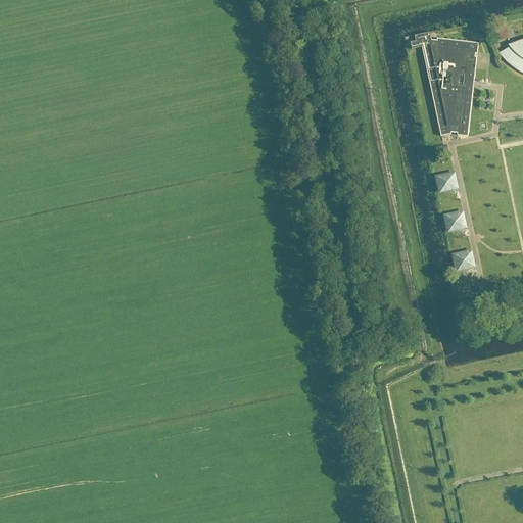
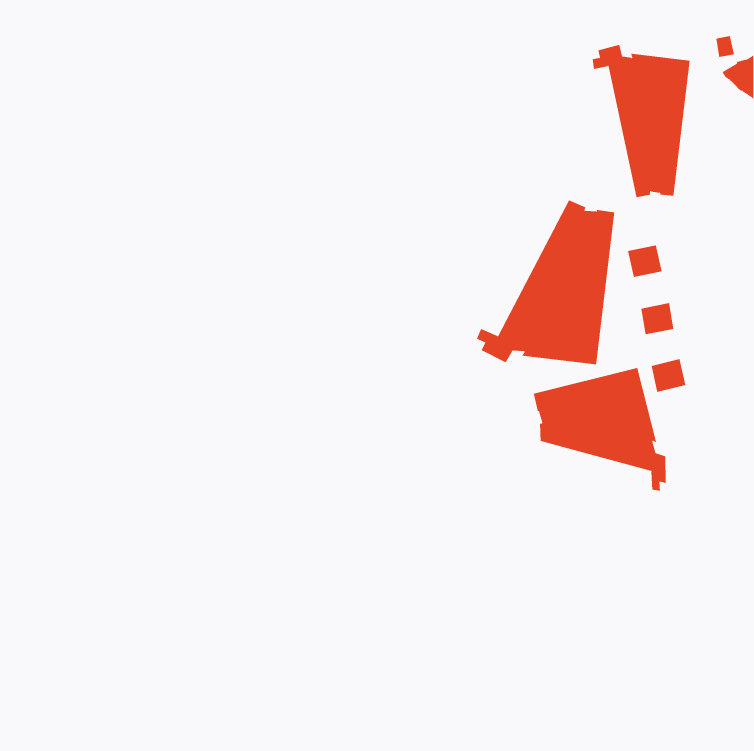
building: none -> [476,199,615,365]
building: none -> [533,367,666,492]

